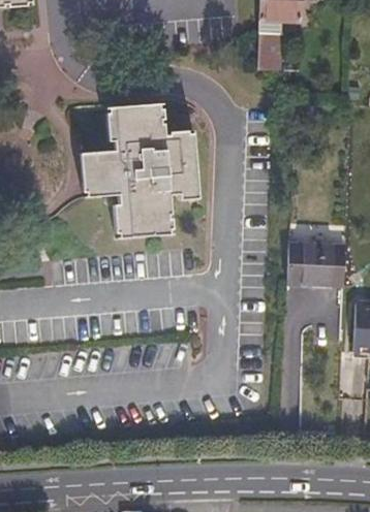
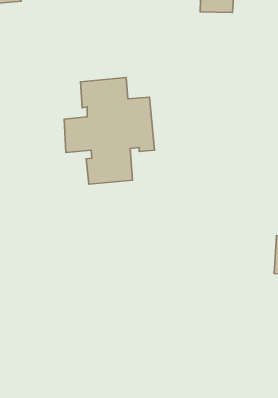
building: [257,28,281,67] -> none
building: [285,239,347,283] -> none

